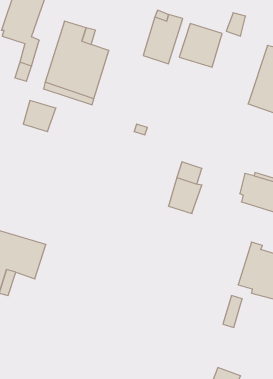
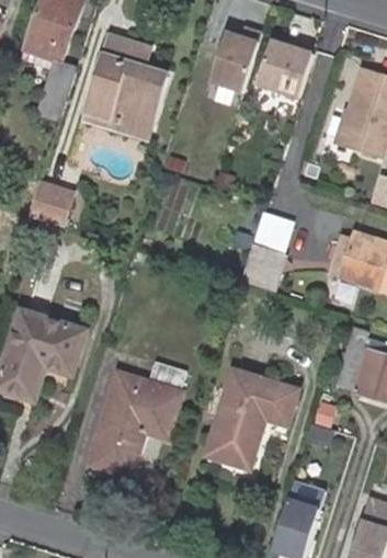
building: [23,101,56,132] -> [29,181,71,221]
building: none -> [91,357,182,469]
building: none -> [207,365,297,463]

